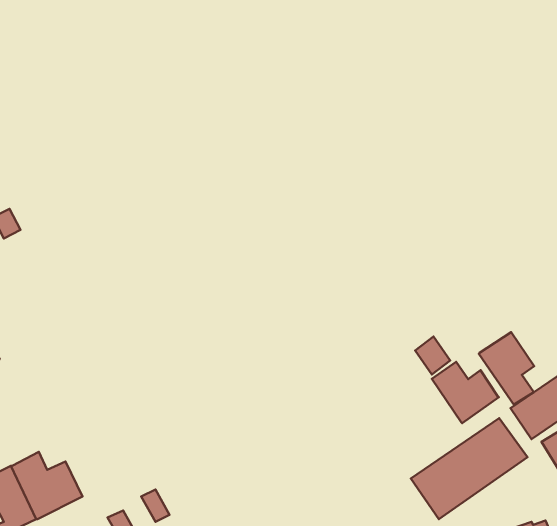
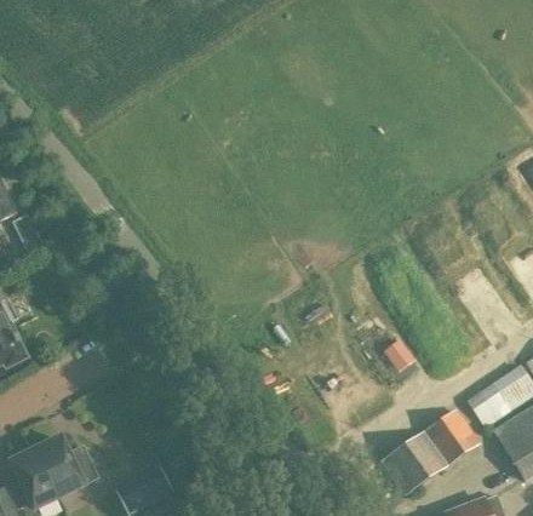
building: [479,332,534,405] -> none
building: [432,362,499,423] -> none

